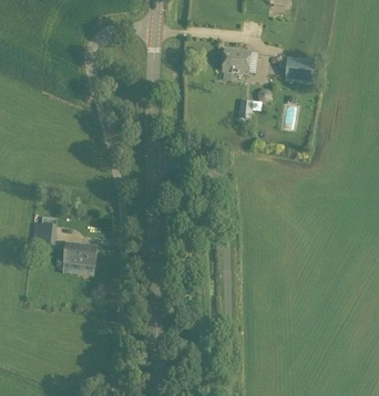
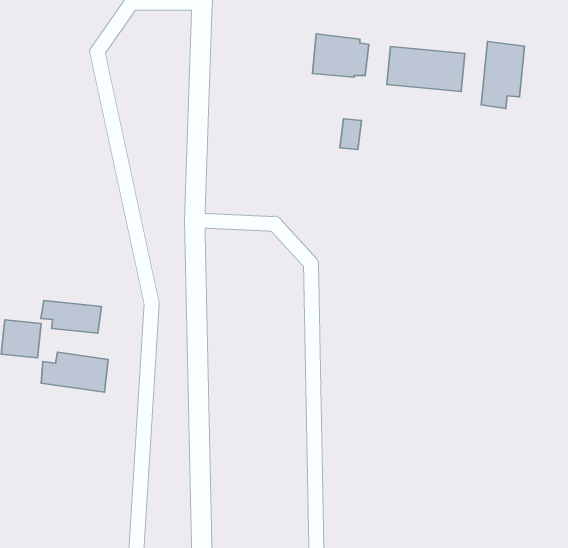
building: none -> [481,42,524,109]
building: none -> [41,301,102,333]

